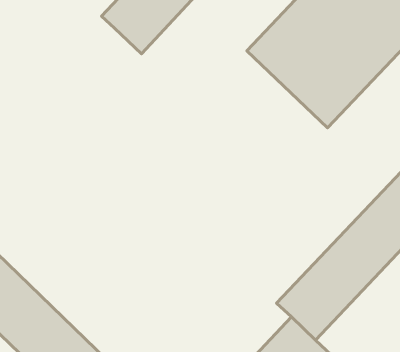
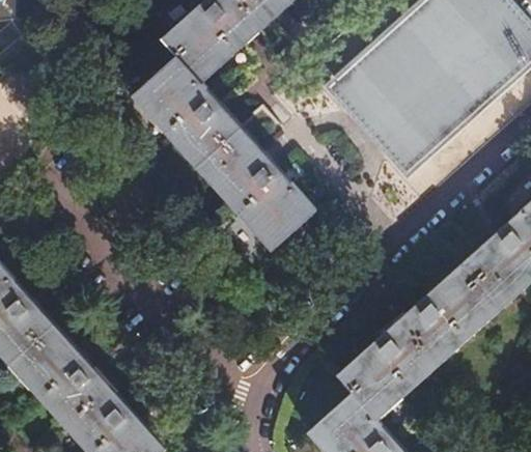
building: none -> [131,51,314,250]

